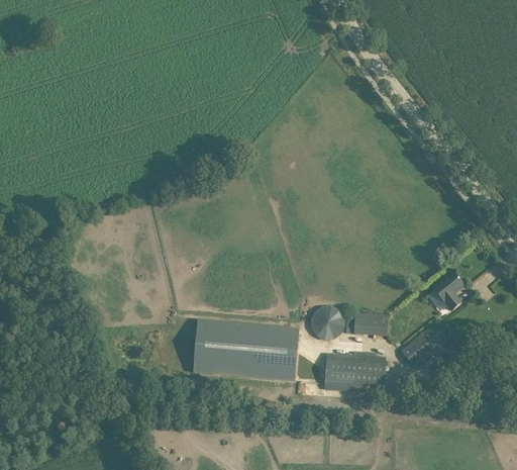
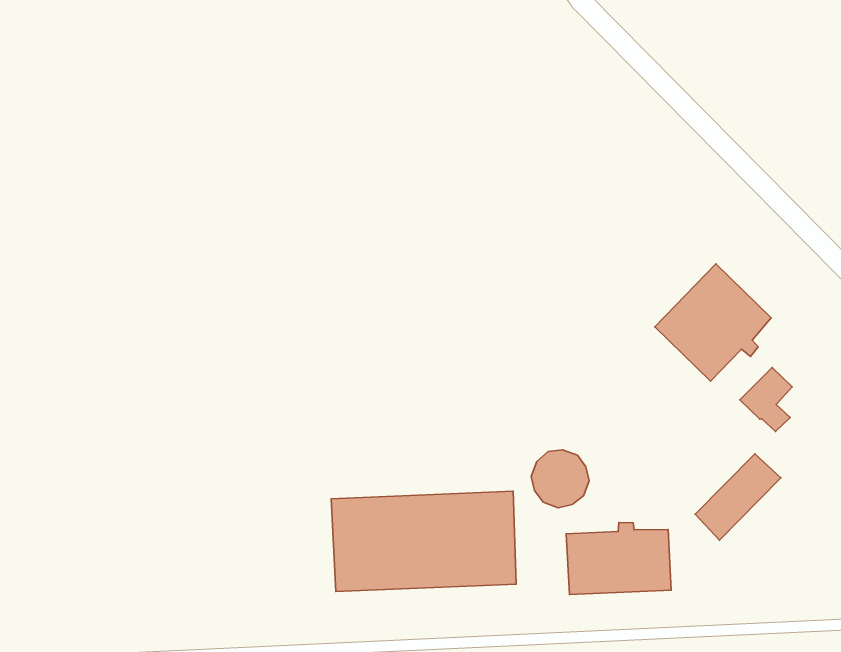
building: none -> [655,264,771,381]
building: [344,312,387,334] -> none

